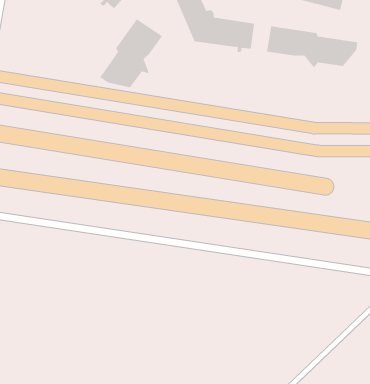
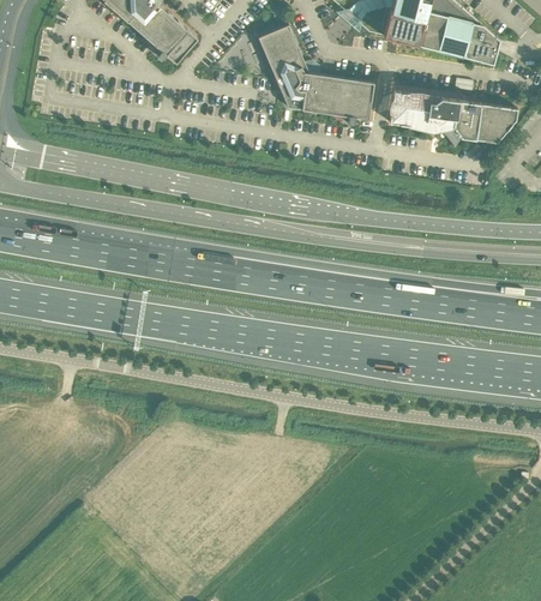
building: [100,18,163,88] -> none

